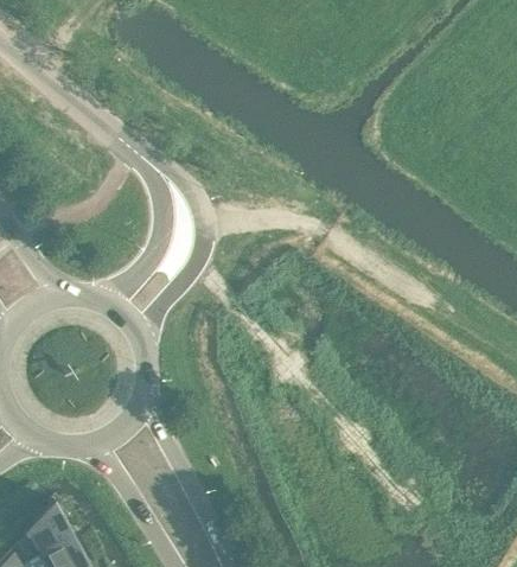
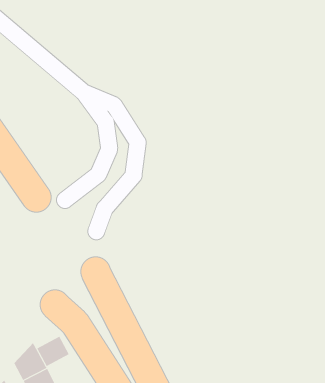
building: none -> [36,336,70,367]

